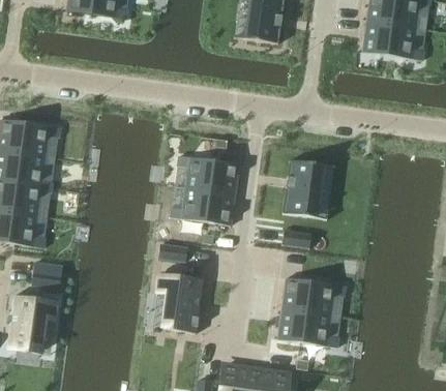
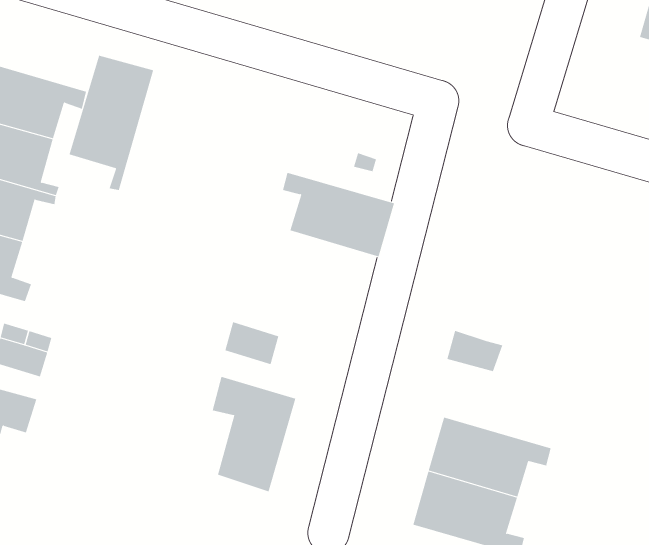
building: none -> [69,55,154,191]
building: [285,158,323,216] -> none
building: [172,186,238,224] -> none

